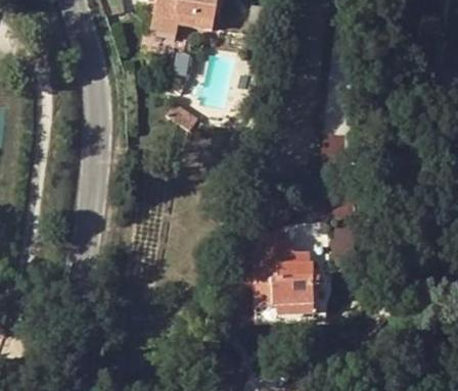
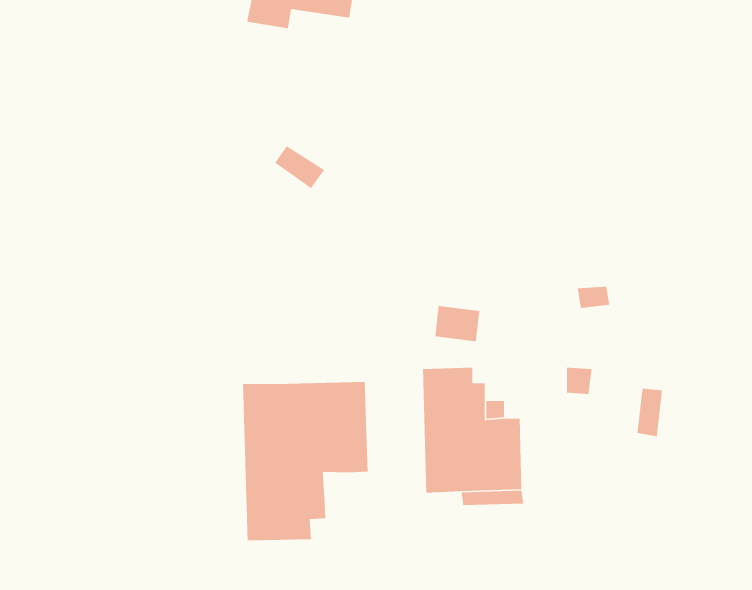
building: none -> [242,381,369,541]

